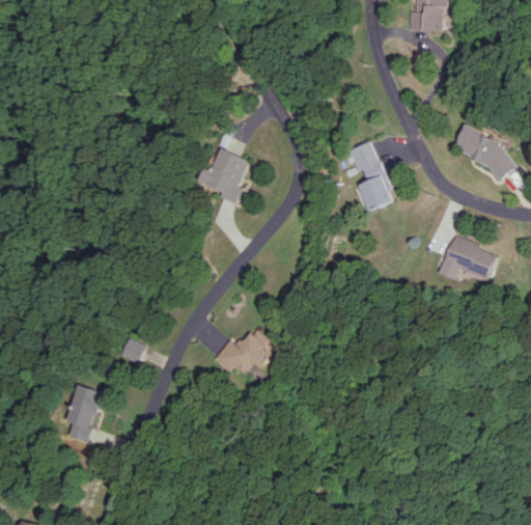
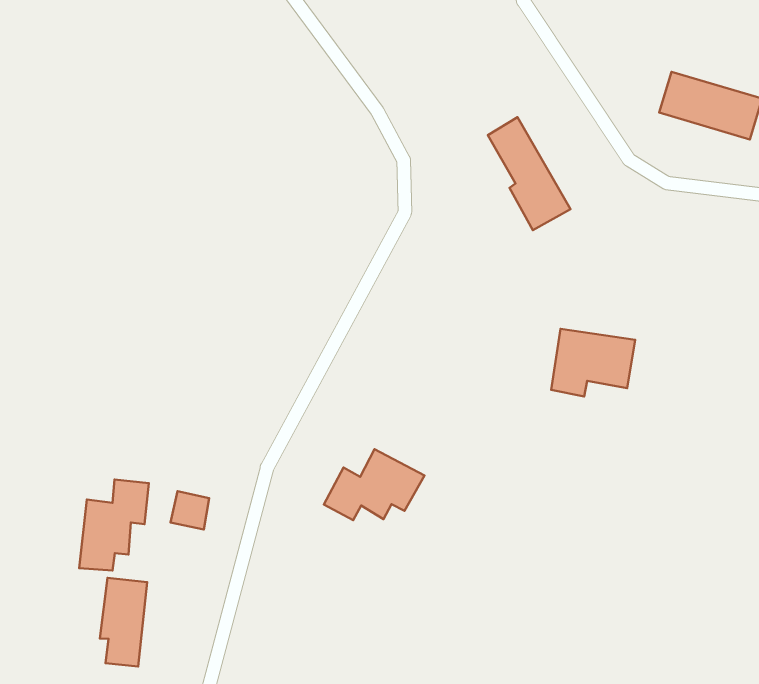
building: [198,149,248,201] -> none
building: [440,238,496,281] -> [551,329,635,397]
building: none -> [79,479,149,571]

